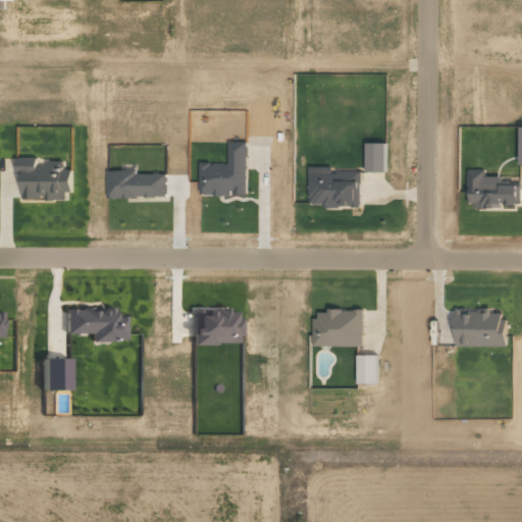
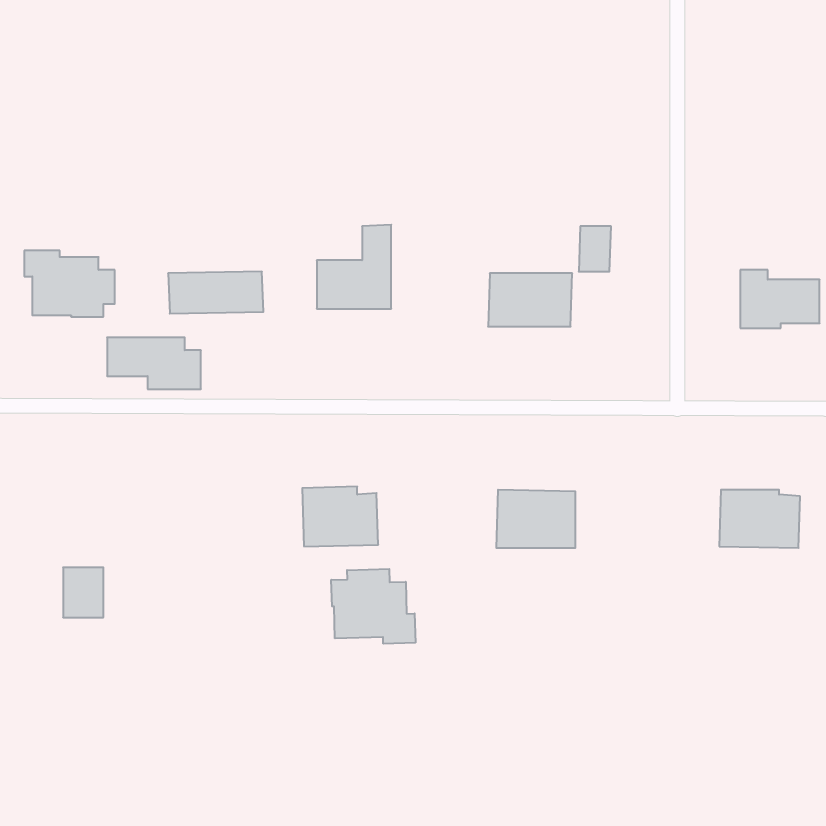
building: [64,308,123,341] -> [107,337,201,389]
building: [357,354,376,383] -> none
building: none -> [331,569,415,644]

